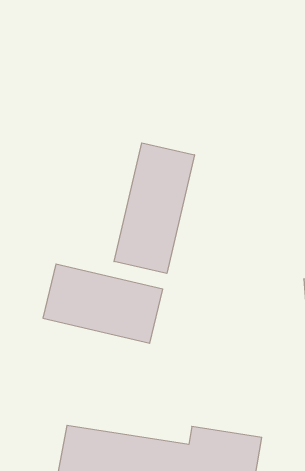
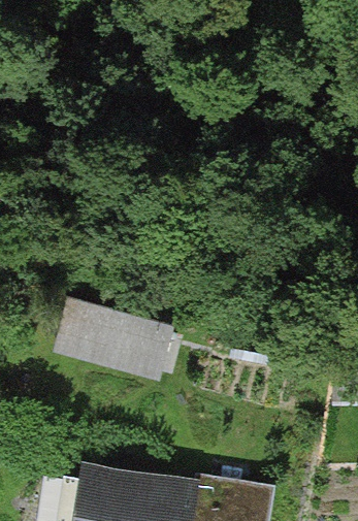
building: [114,143,194,273] -> none

